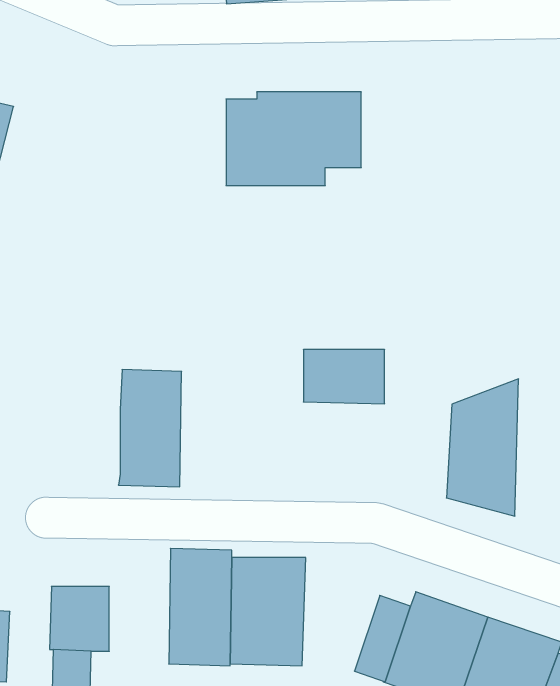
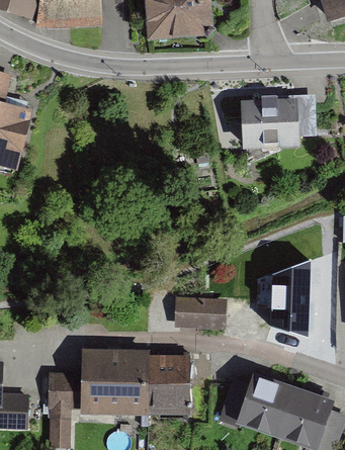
building: [226,92,361,186] -> [237,91,313,144]
building: [303,350,385,404] -> [178,293,224,324]
building: [118,370,182,487] -> [81,350,116,416]

